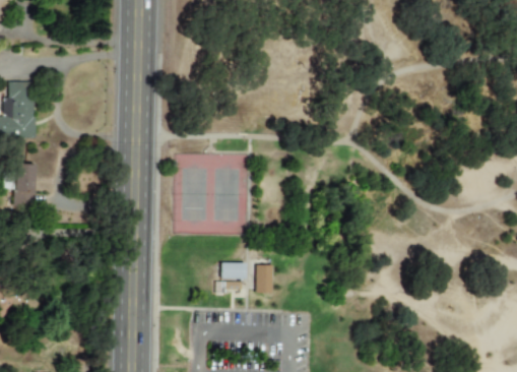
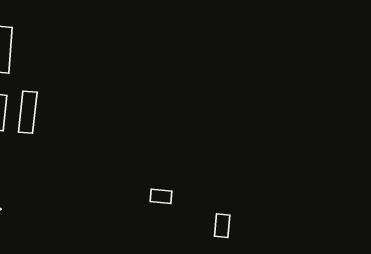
building: none -> [18,91,37,133]
building: [256,266,272,294] -> [215,214,230,237]

